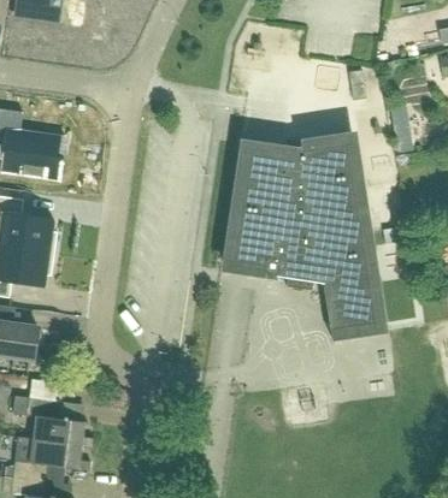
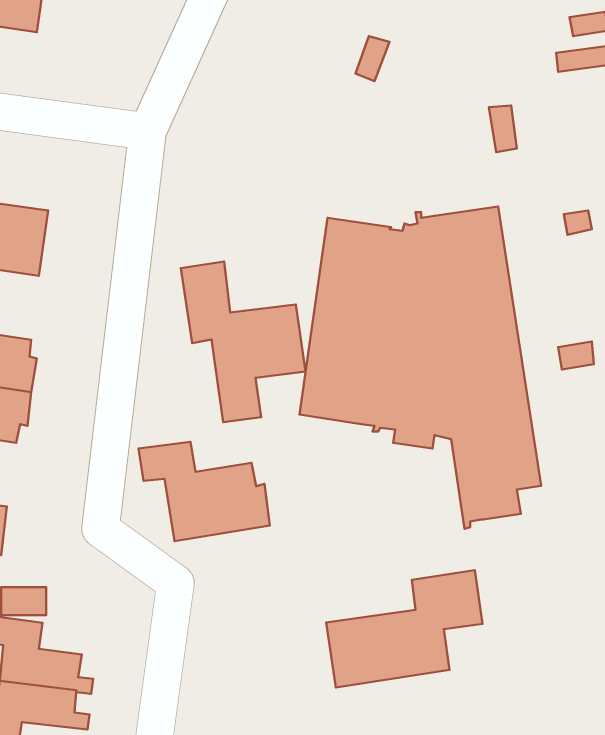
building: none -> [181,262,306,422]
building: none -> [139,442,270,541]
building: none -> [326,570,482,688]

